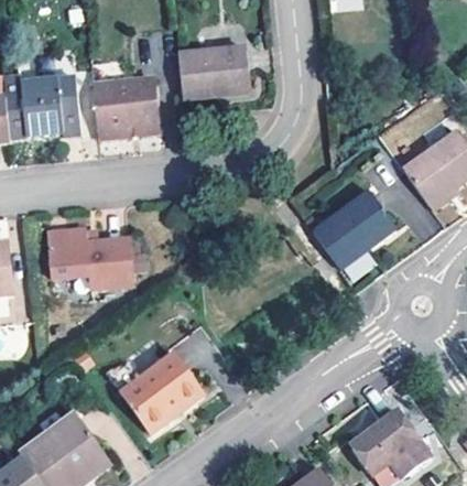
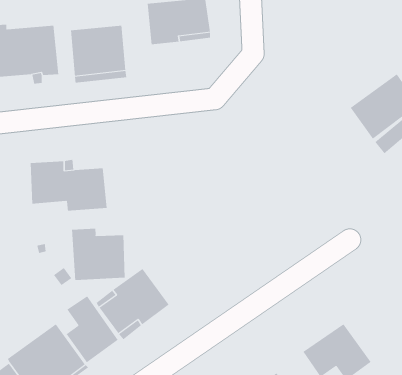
building: [312,191,394,270] -> none
building: none -> [72,228,125,281]
building: none -> [66,295,119,363]

